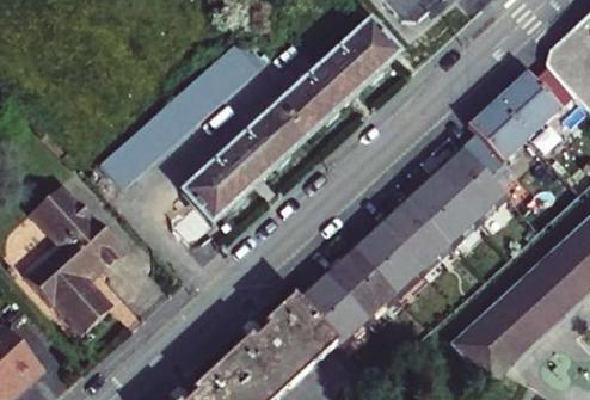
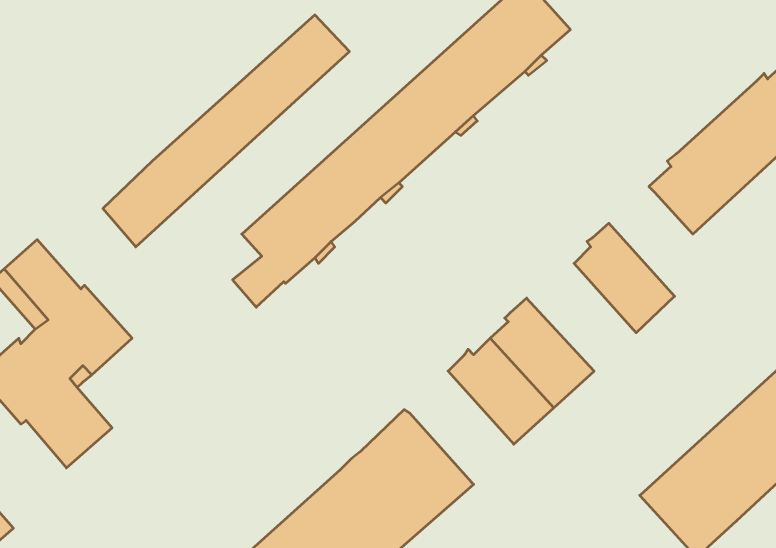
building: [430,150,500,220] -> none
building: [376,198,448,269] -> none
building: [300,269,368,341] -> none

